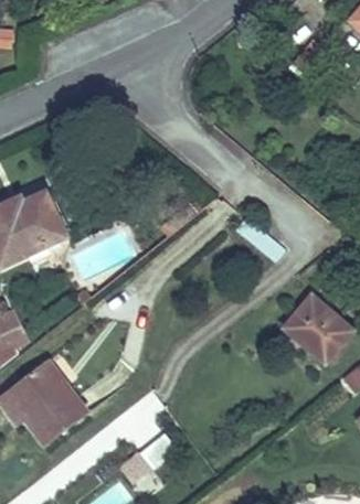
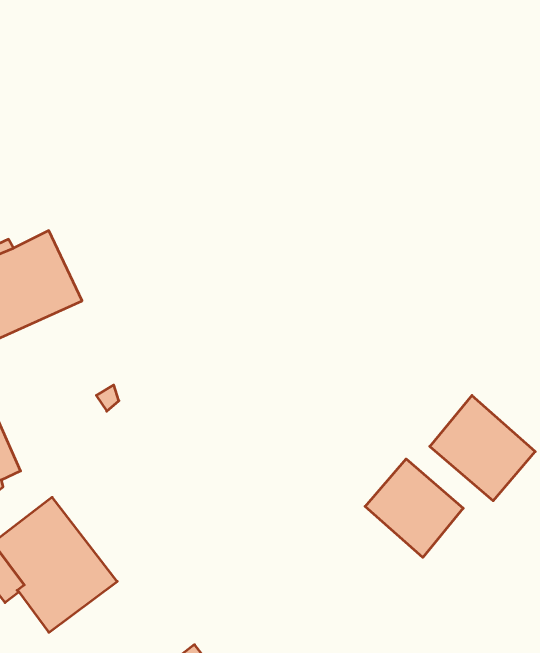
building: none -> [365,459,463,557]

